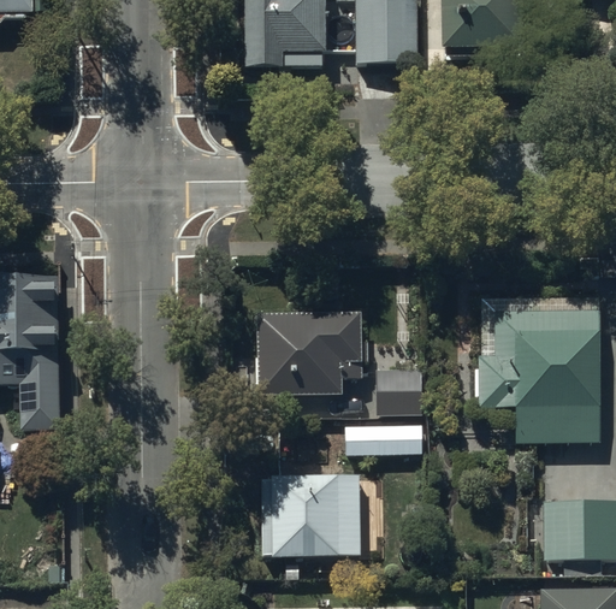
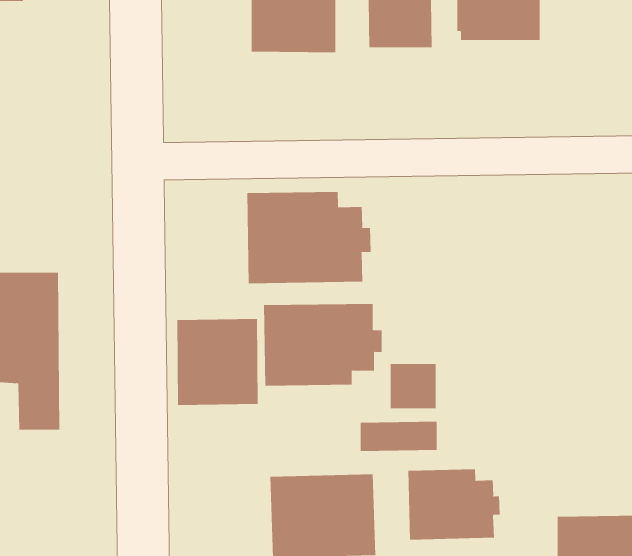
building: none -> [247,191,371,284]
building: [473,302,596,455] -> none
building: none -> [177,318,258,406]
building: none -> [408,468,500,540]

